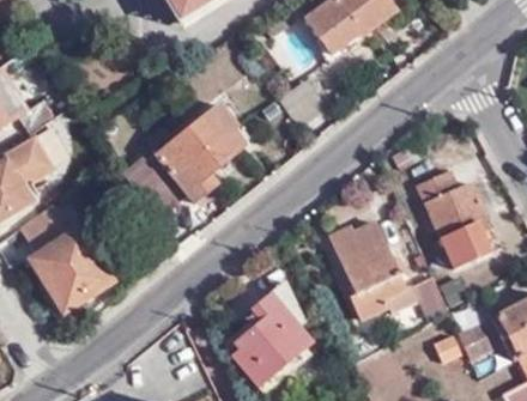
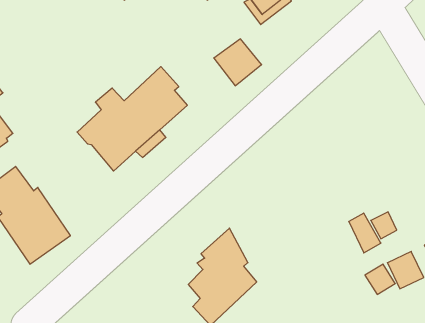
building: [419,170,492,265] -> none
building: [329,218,416,317] -> none

